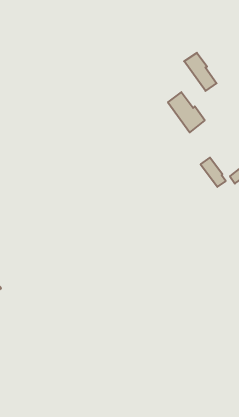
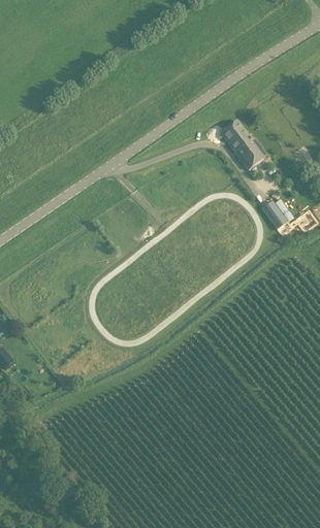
building: [184,53,217,91] -> none

